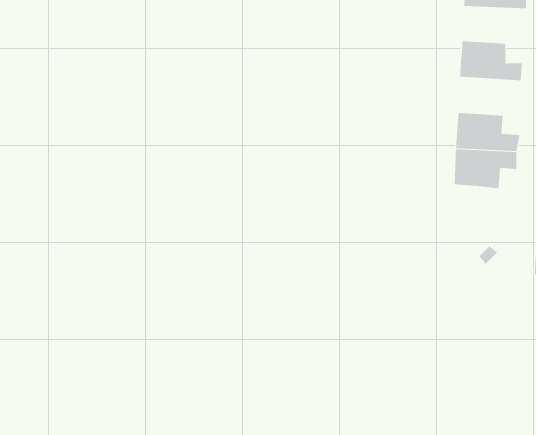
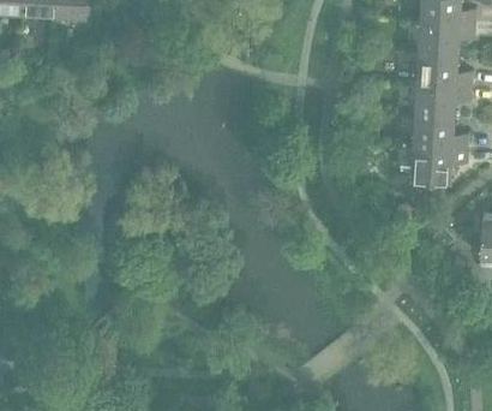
building: none -> [419,23,475,55]
building: none -> [415,84,470,118]

